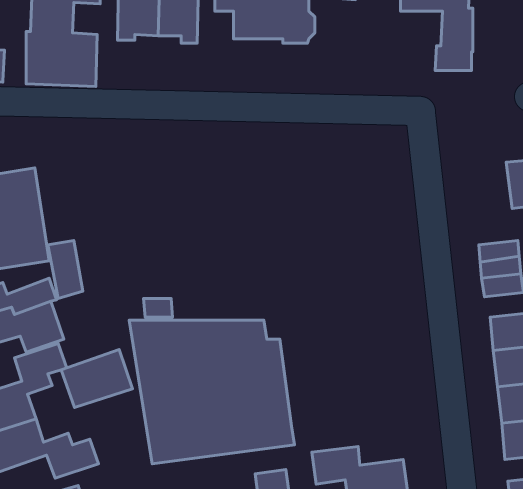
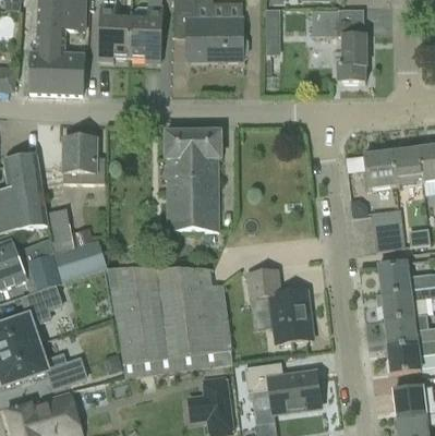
building: none -> [166,131,220,230]
building: none -> [62,137,105,182]
building: none -> [363,149,396,187]
building: none -> [246,269,310,341]
building: [61,350,132,408] -> [53,239,107,282]

